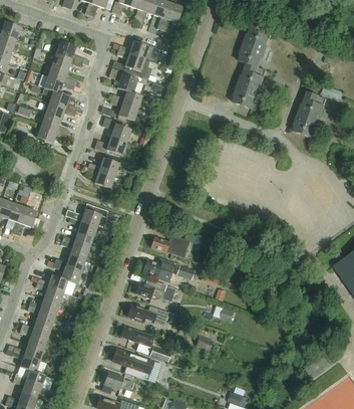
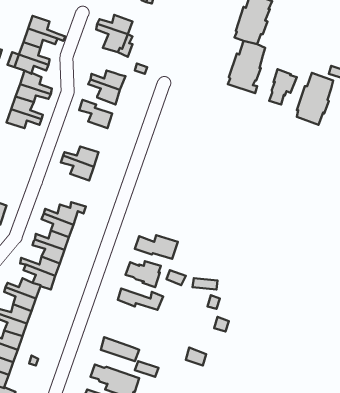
building: [108,66,141,93] -> none
building: none -> [269,69,297,104]
building: [93,135,126,154] -> none
building: [126,304,168,325] -> none

